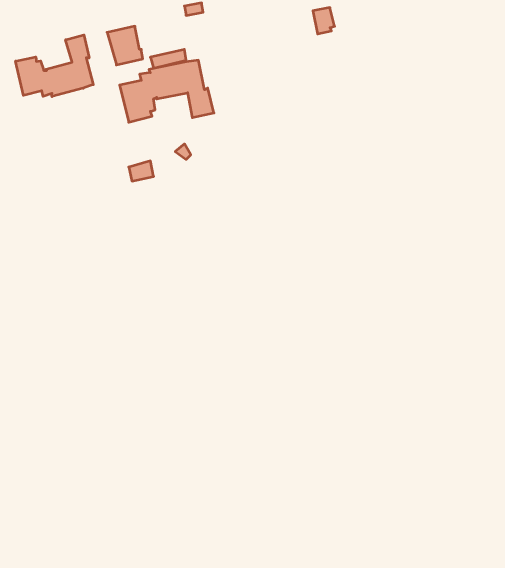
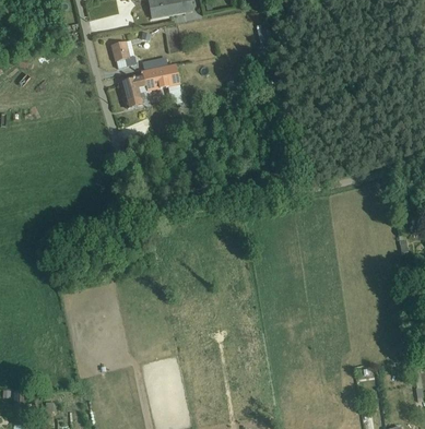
building: [16,35,93,97] -> none

